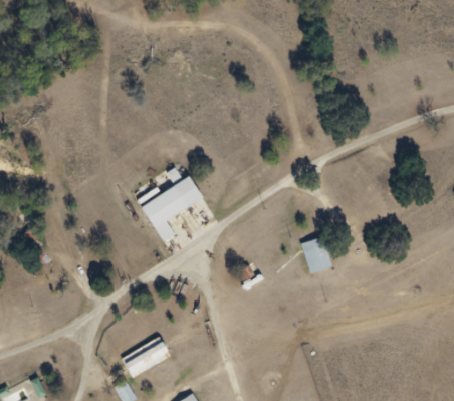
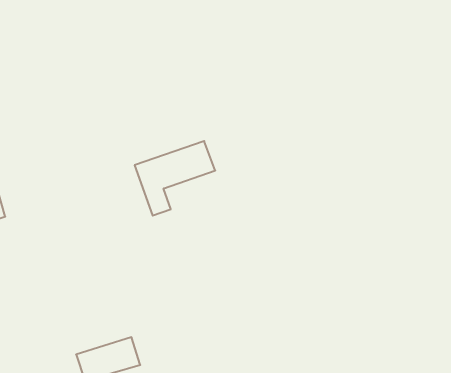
building: [300,235,333,272] -> none

